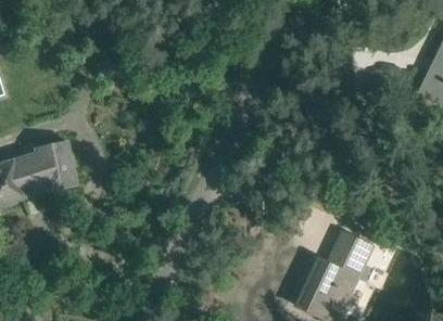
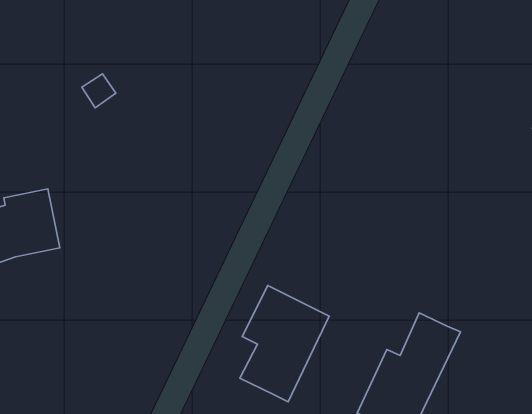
building: none -> [240,285,329,402]

